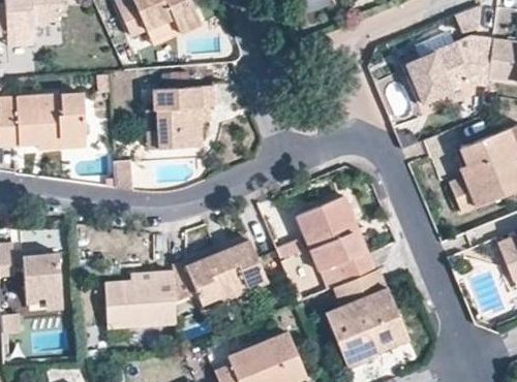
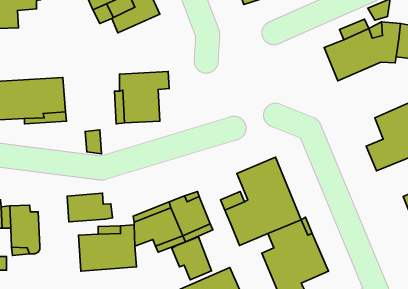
building: none -> [67,193,113,222]
building: none -> [172,237,211,280]

